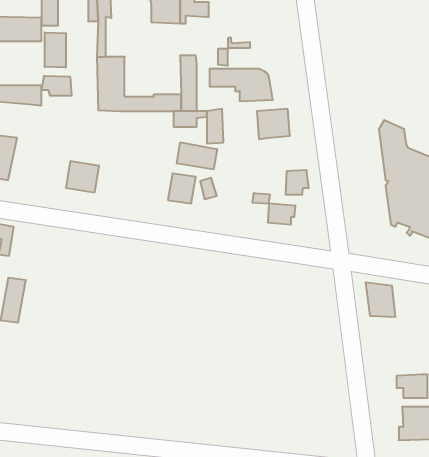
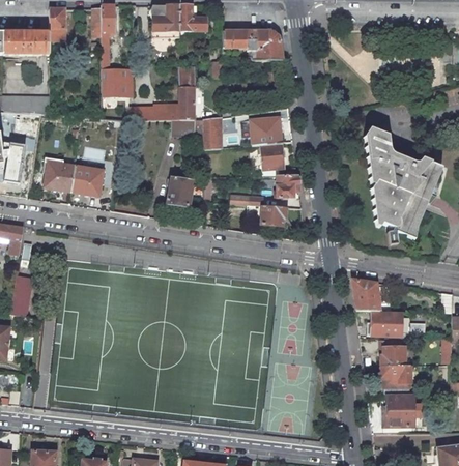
building: [45,32,66,68] -> none
building: [210,69,273,101] -> [224,30,283,60]
building: [41,76,71,96] -> none
building: none -> [261,142,297,175]
building: [177,142,217,169] -> none
building: none -> [45,161,77,191]
building: none -> [368,312,402,336]
building: none -> [380,340,406,366]

